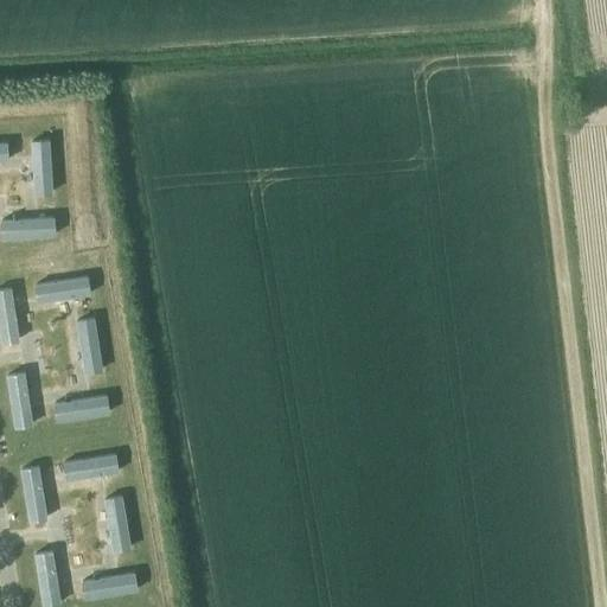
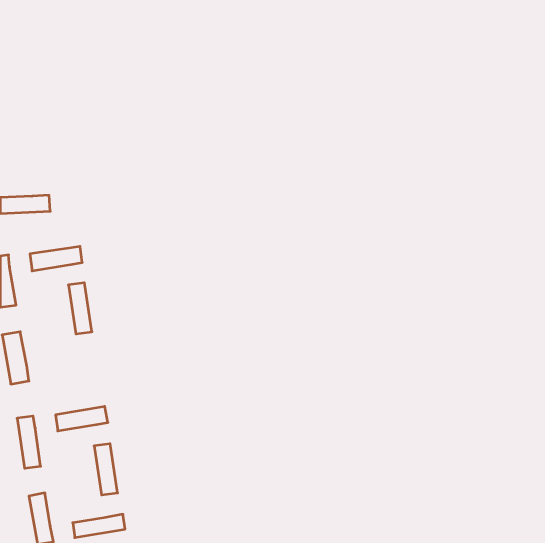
building: [31,139,53,196] -> none
building: [53,396,111,423] -> none

